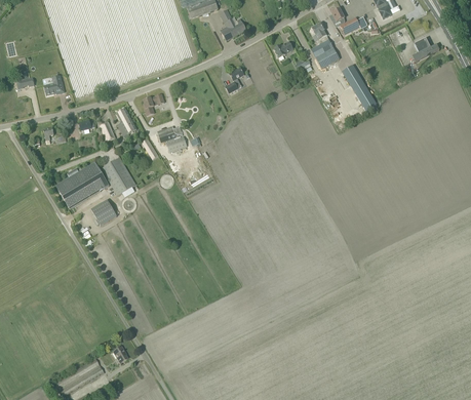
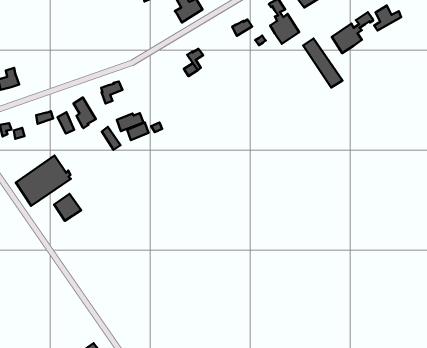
building: none -> [332,12,373,53]
building: [101,157,135,195] -> none

